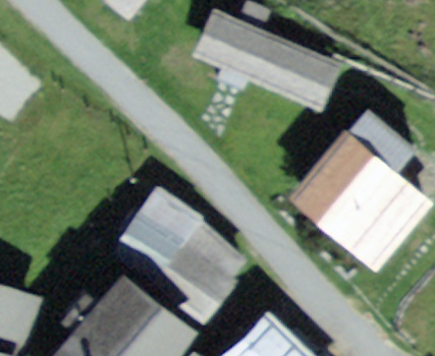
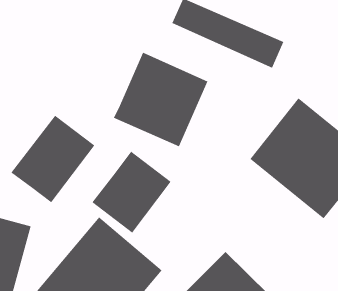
building: none -> [113,52,208,147]
building: none -> [10,115,95,203]
building: [158,229,251,323] -> none

